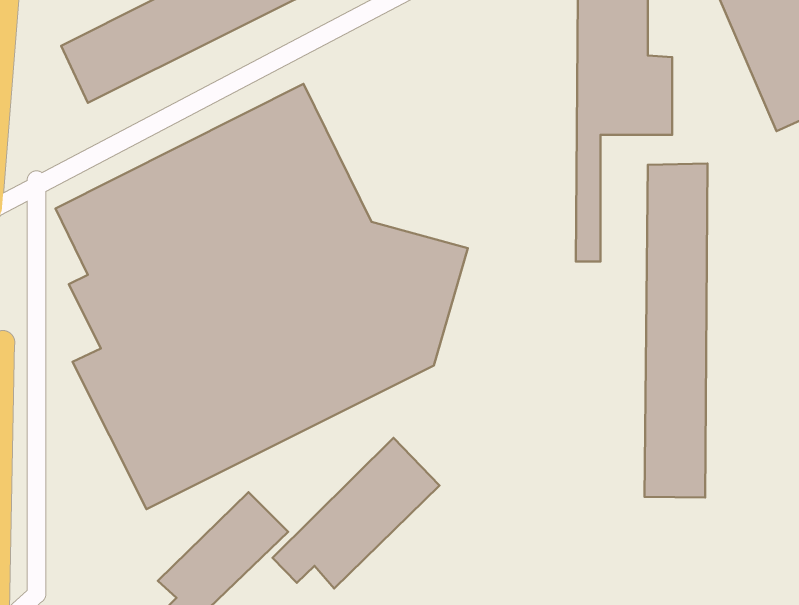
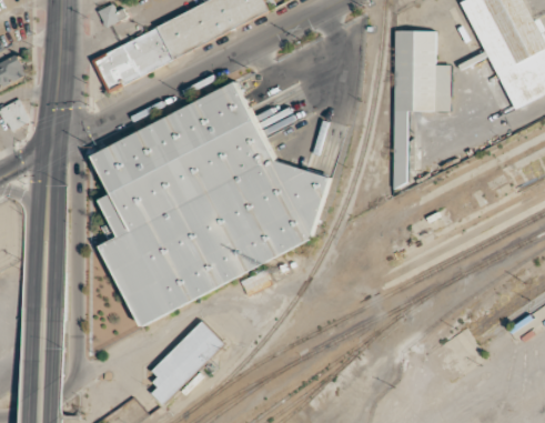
building: [645,164,708,497] -> none
building: [273,438,439,589] -> none

